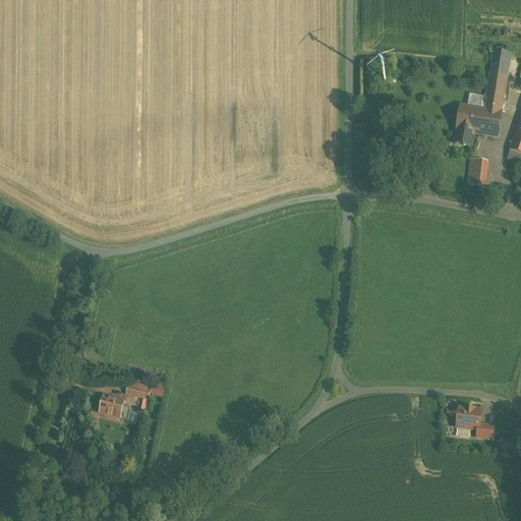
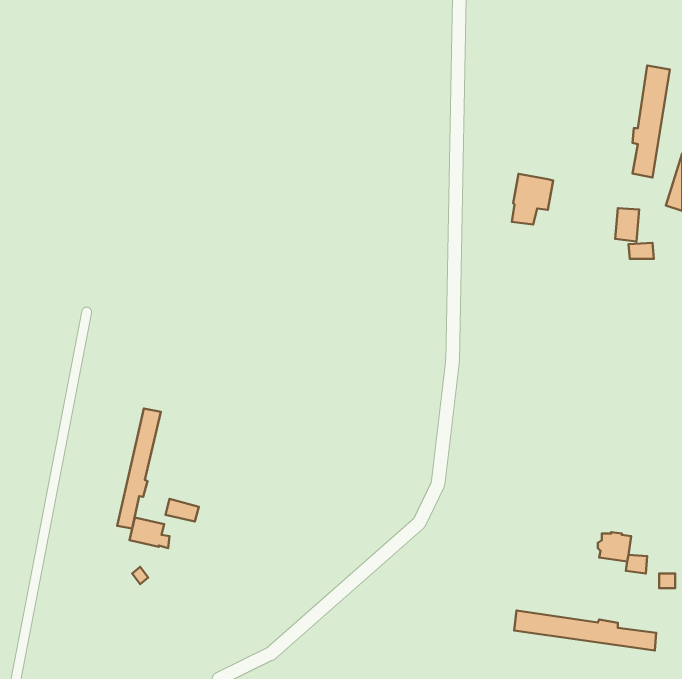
building: [455,105,486,143] -> [512,174,553,224]
building: none -> [117,408,161,528]
building: none -> [514,610,656,650]

